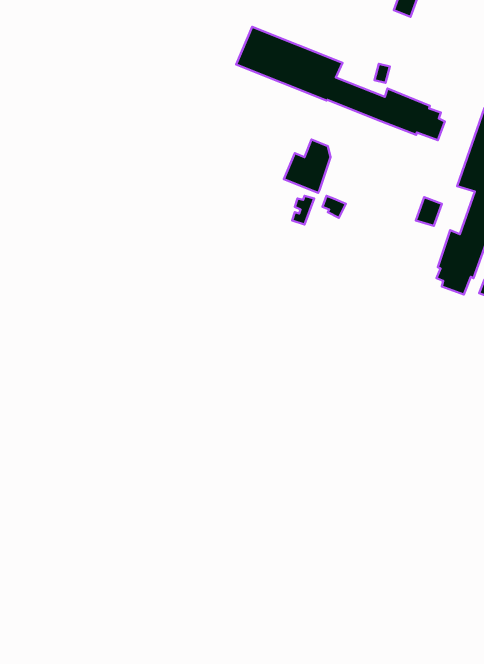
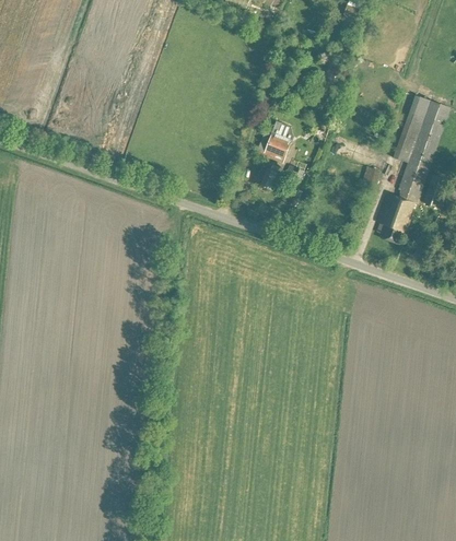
building: [236,27,445,140] -> none

